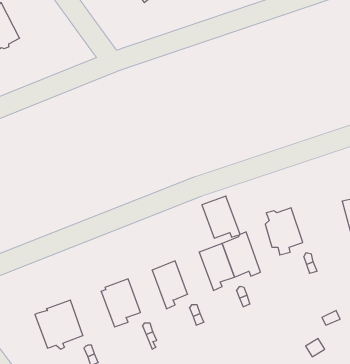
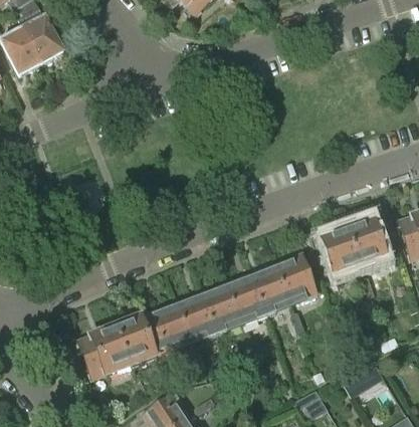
building: [202,196,240,238] -> [225,275,265,319]
building: none -> [347,217,387,265]
building: none -> [176,294,216,339]
building: none -> [116,316,162,363]

